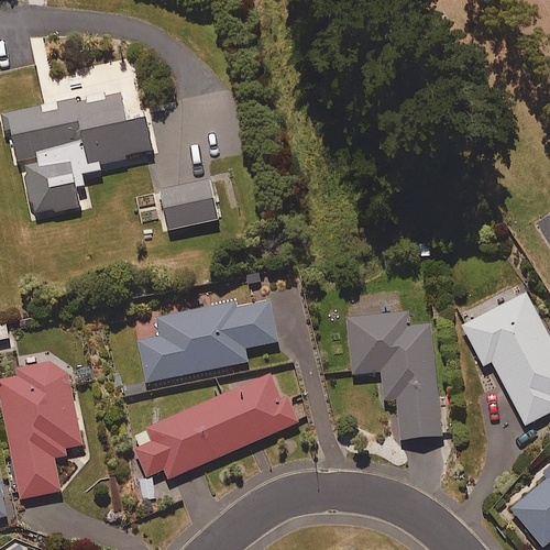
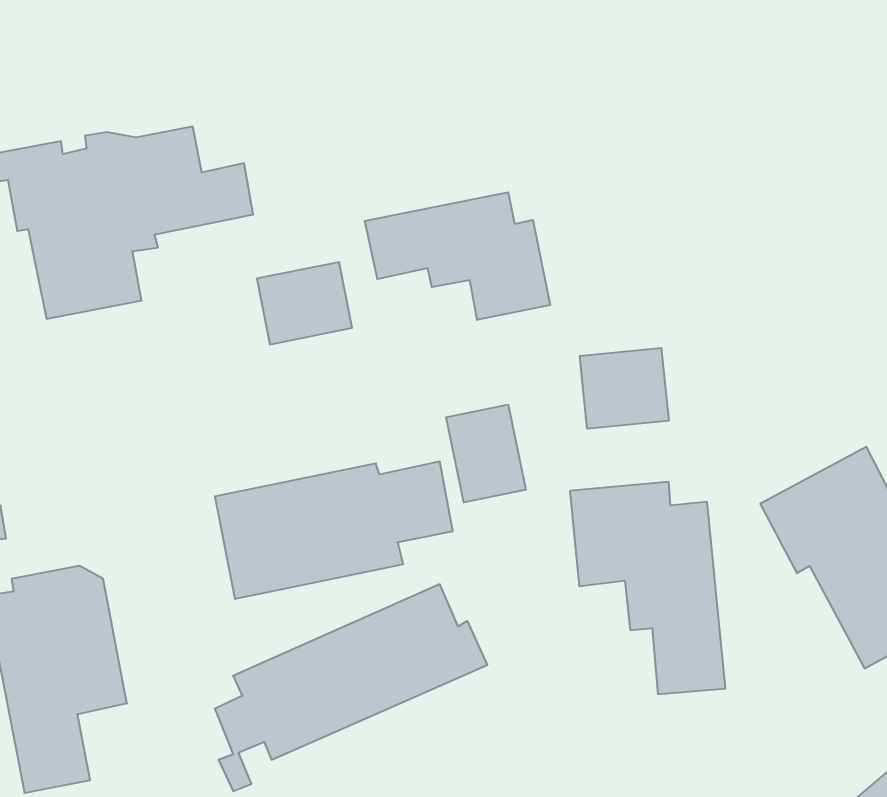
building: none -> [365,192,550,320]
building: none -> [580,348,669,429]
building: none -> [446,405,526,503]

